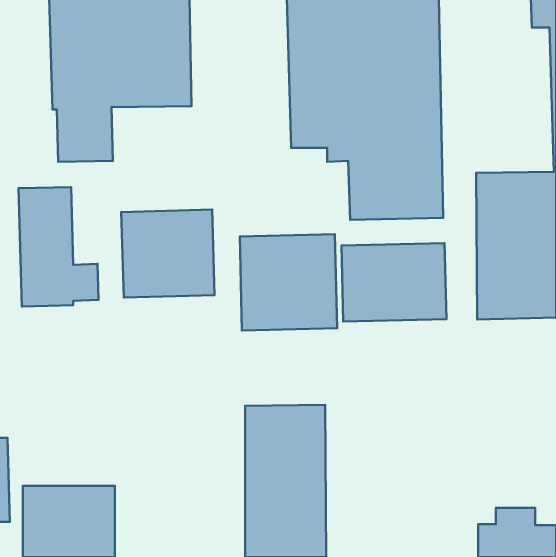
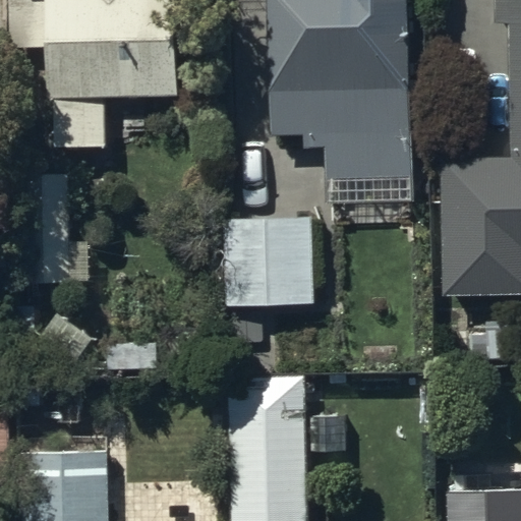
building: [121,210,215,298] -> none
building: [341,243,446,322] -> none

